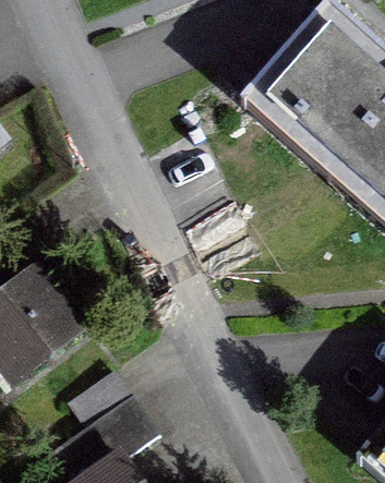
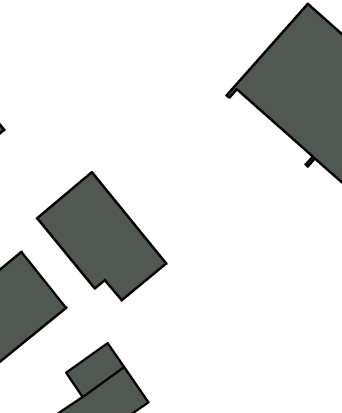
building: none -> [37,172,166,300]

